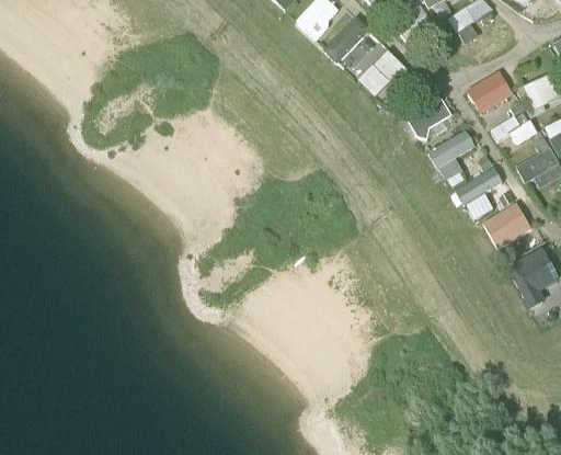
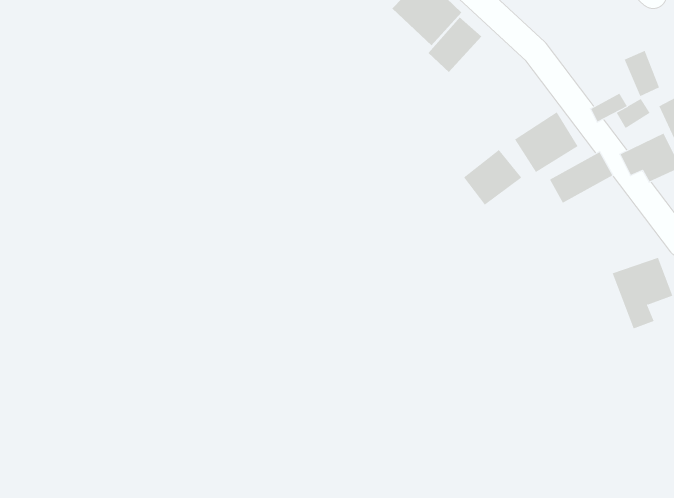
building: [463,70,513,114] -> none
building: [409,96,457,143] -> [463,149,522,205]
building: [482,204,530,248] -> none

